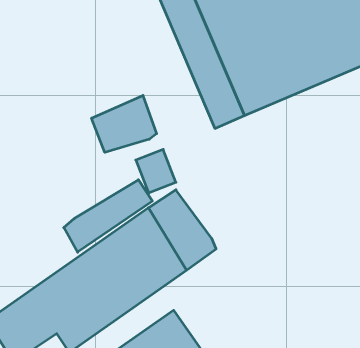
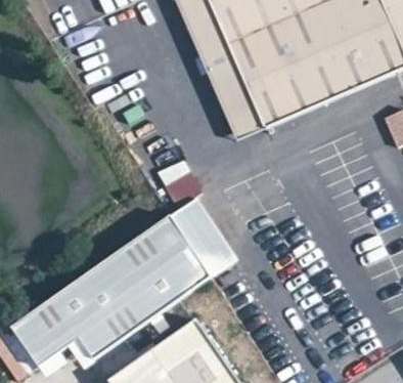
building: [92,95,157,152] -> none
building: [64,180,152,252] -> none

